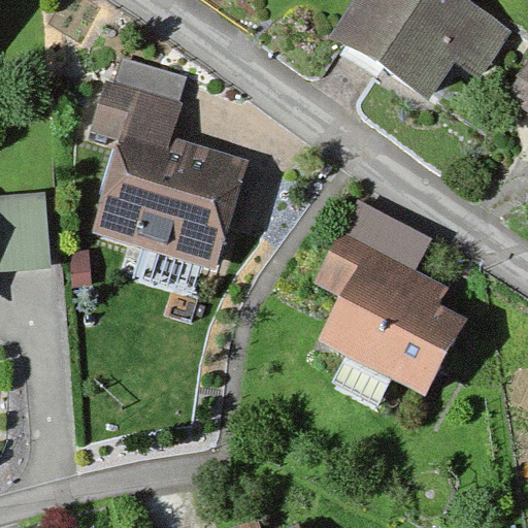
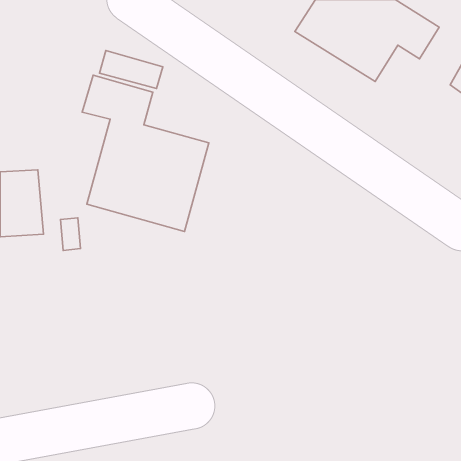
building: [324,208,458,391] -> none

